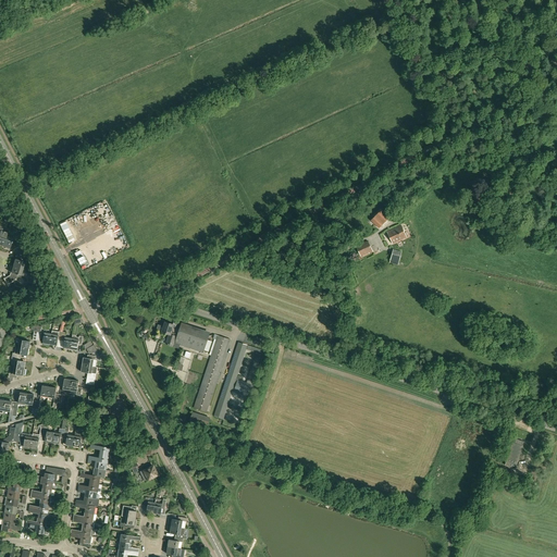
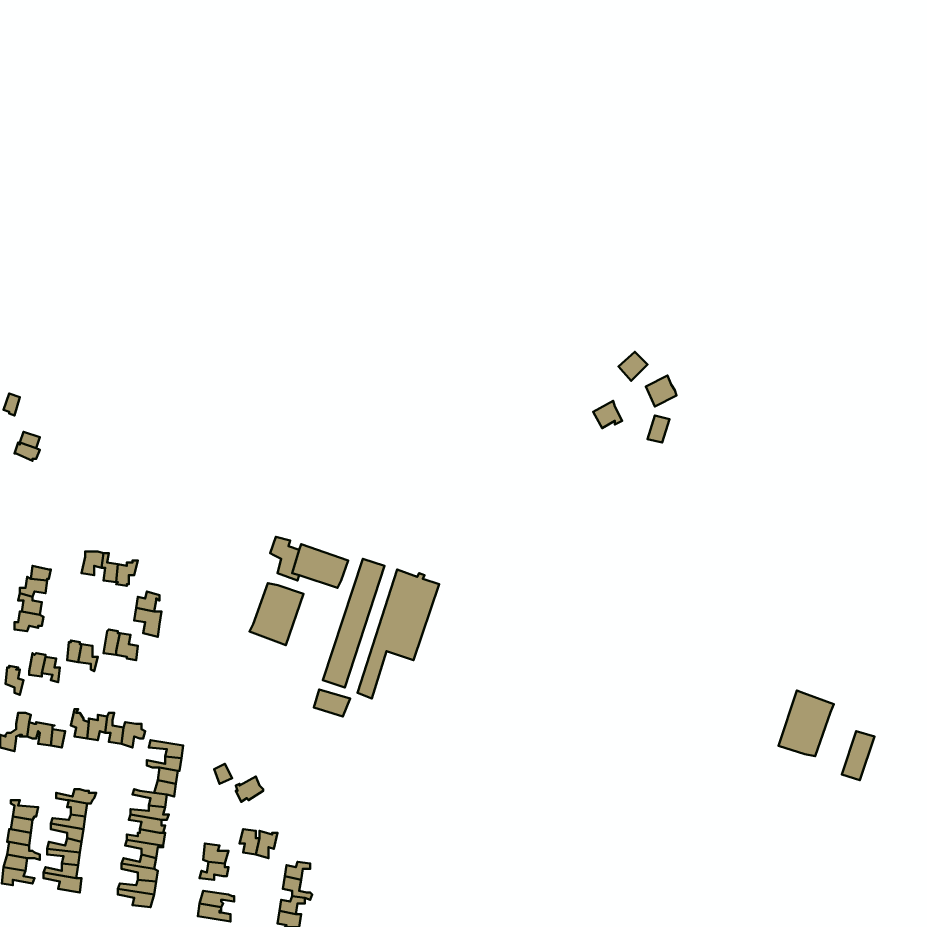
building: none -> [250,583,304,645]
building: none -> [779,691,834,756]

